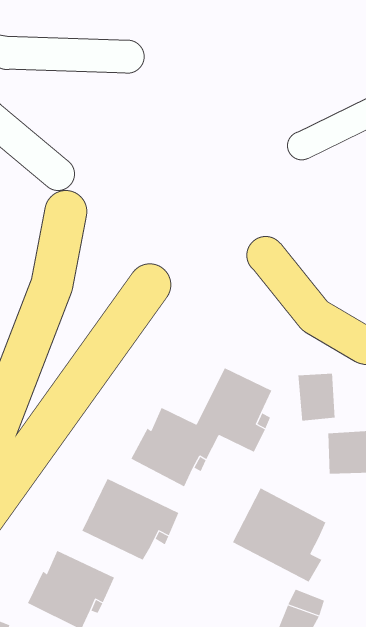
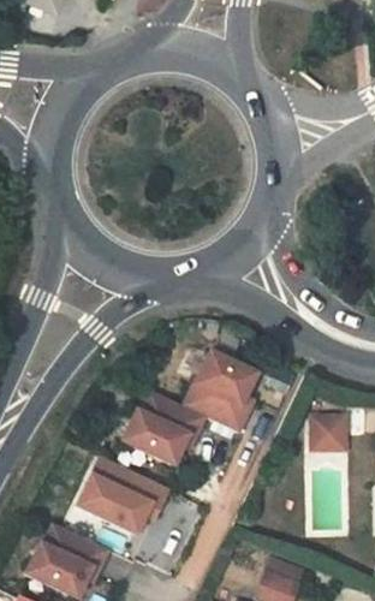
building: [298,373,335,421] -> none
building: [232,487,326,583] -> none

